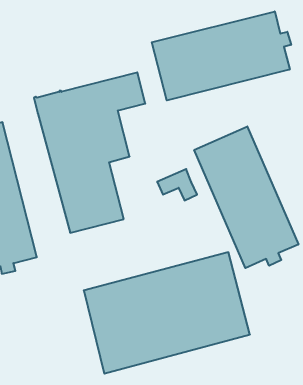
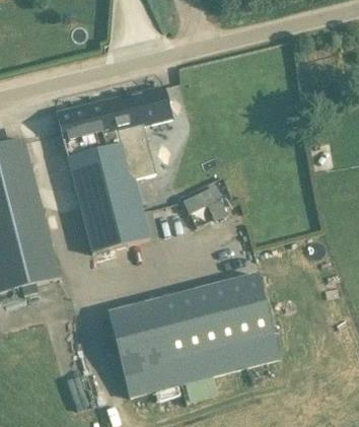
building: [152,11,291,100] -> none
building: [194,126,298,268] -> none

